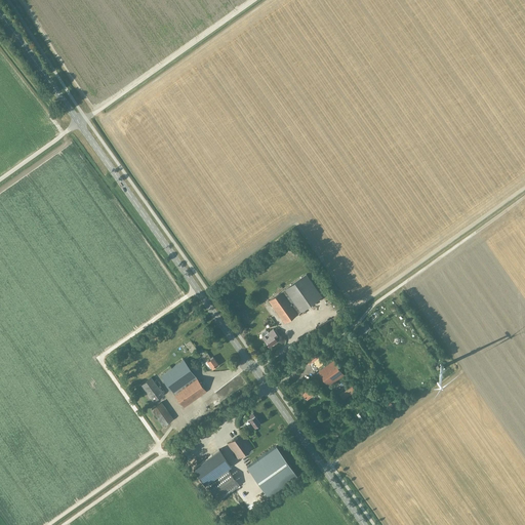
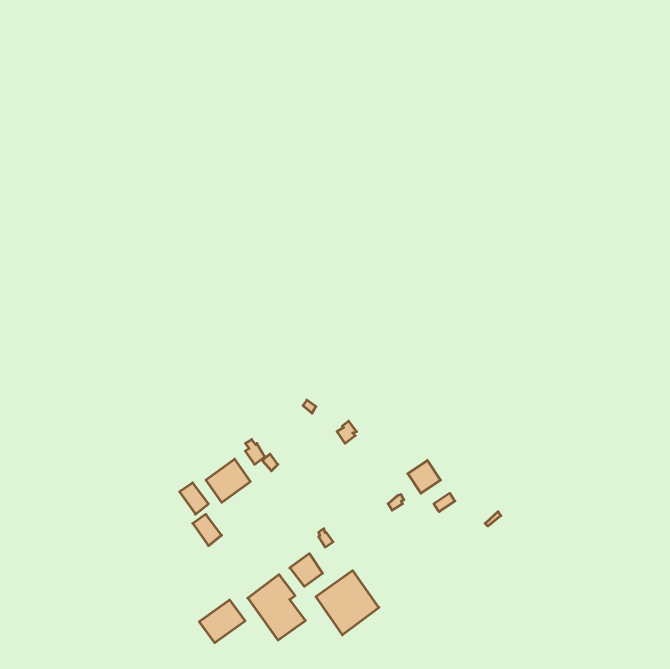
building: [269,275,322,324] -> none
building: [173,377,206,408] -> none
building: none -> [199,600,245,643]

